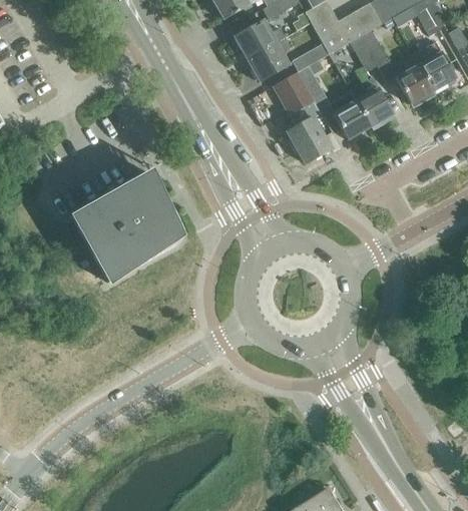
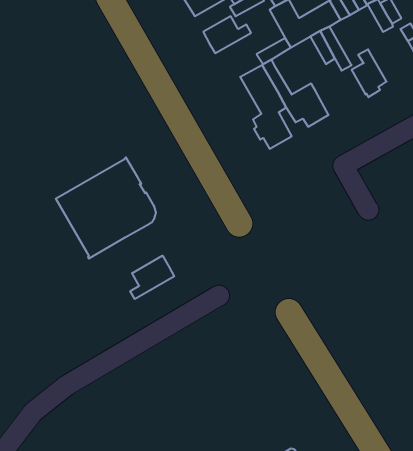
building: [247,37,291,81] -> none
building: [413,42,456,90] -> none
building: [356,77,393,126] -> none
building: none -> [130,256,174,299]

